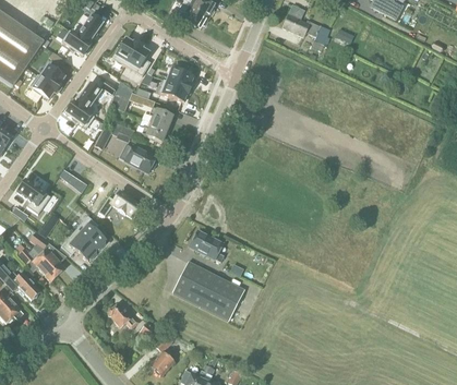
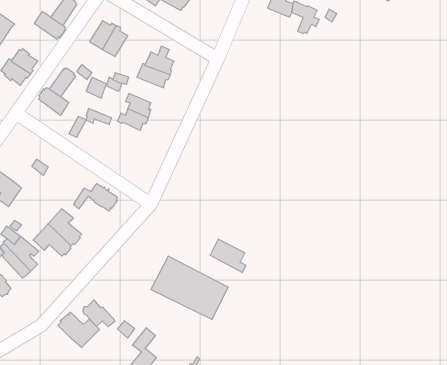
building: [119,143,156,171] -> none
building: [190,229,224,261] -> [210,239,246,273]
building: none -> [58,312,100,348]

